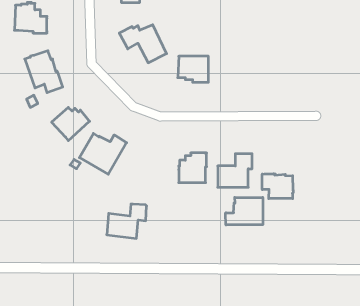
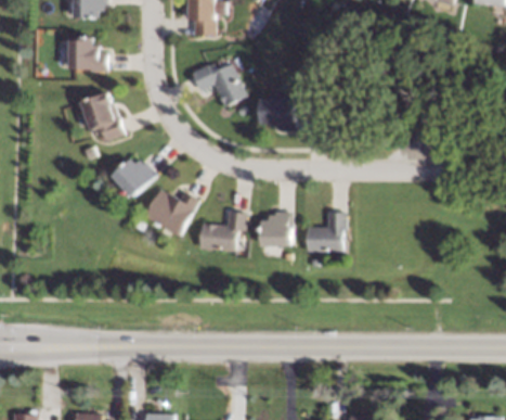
building: [262,174,293,199] -> none
building: [225,197,263,225] -> none
building: [107,204,147,238] -> [199,212,246,252]

